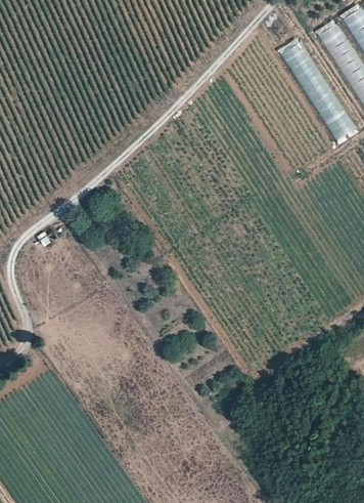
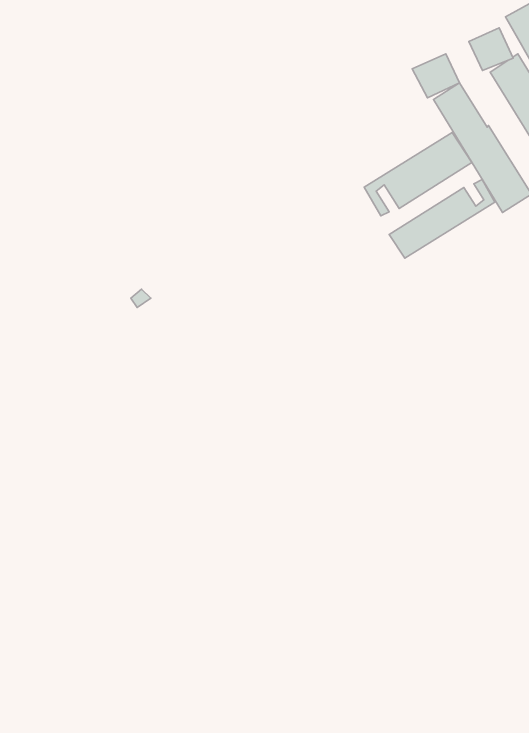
building: none -> [364,132,472,216]
building: none -> [389,179,495,258]

